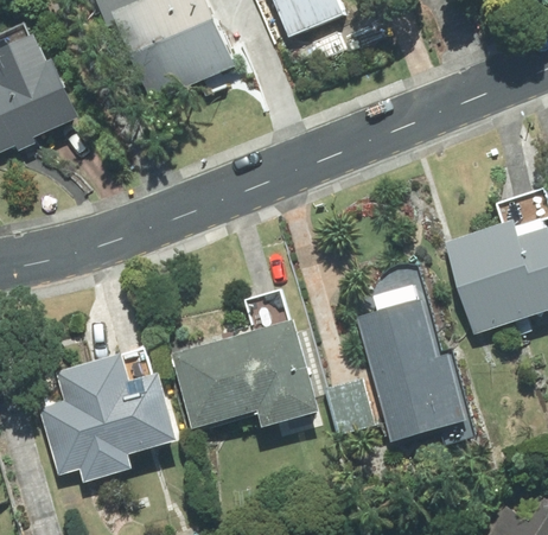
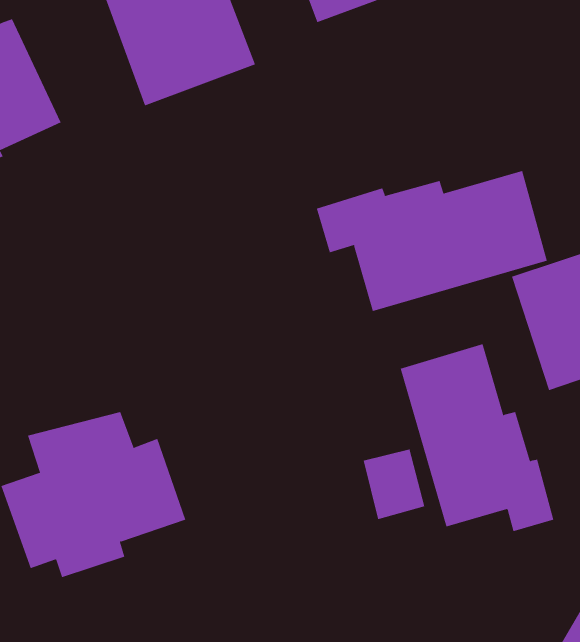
building: none -> [316,170,548,312]
building: [167,317,324,439] -> none

